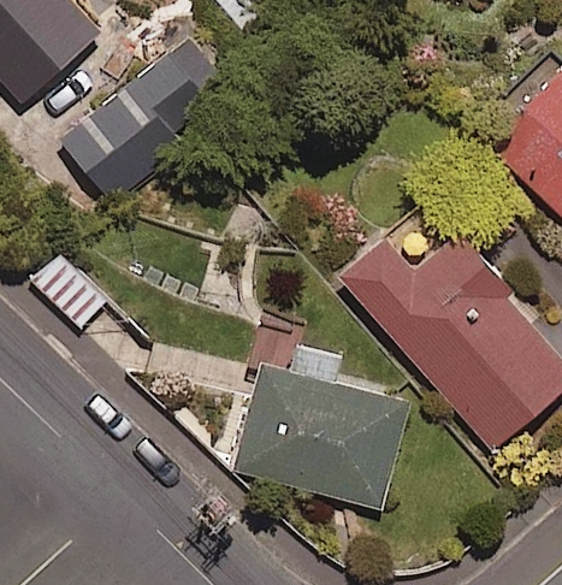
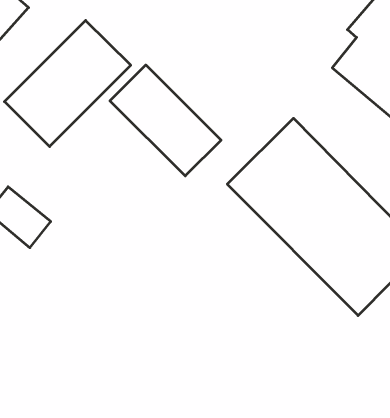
building: none -> [110,65,221,176]
building: [233,342,407,510] -> none

